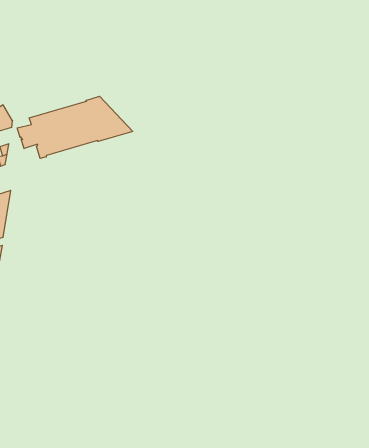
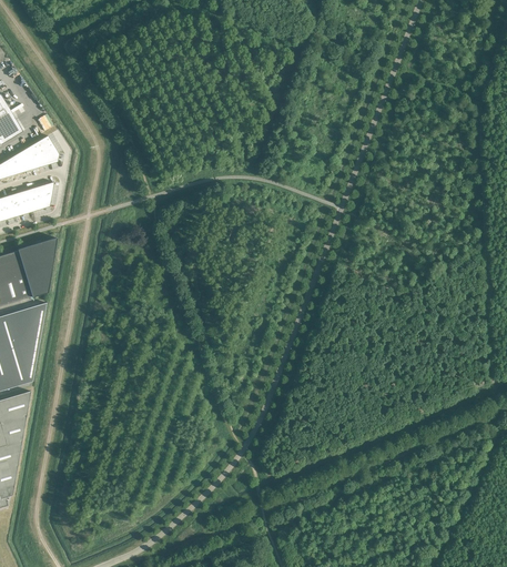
building: [17,96,133,158] -> none

